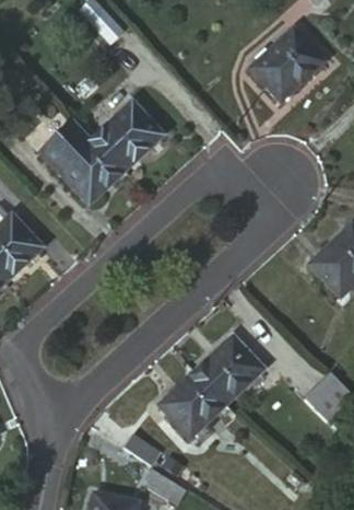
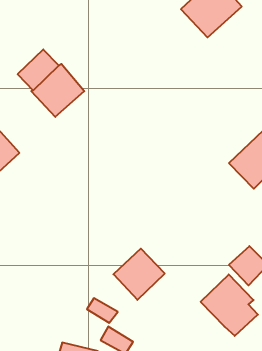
building: [93,105,157,171] -> none
building: [194,337,268,416] -> [201,274,258,336]

